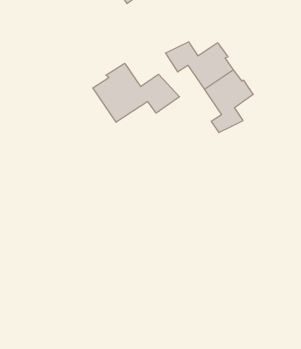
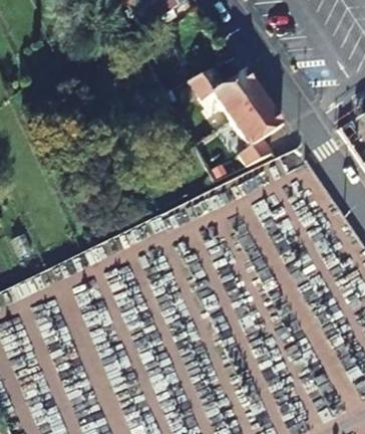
building: [93,63,180,122] -> none

